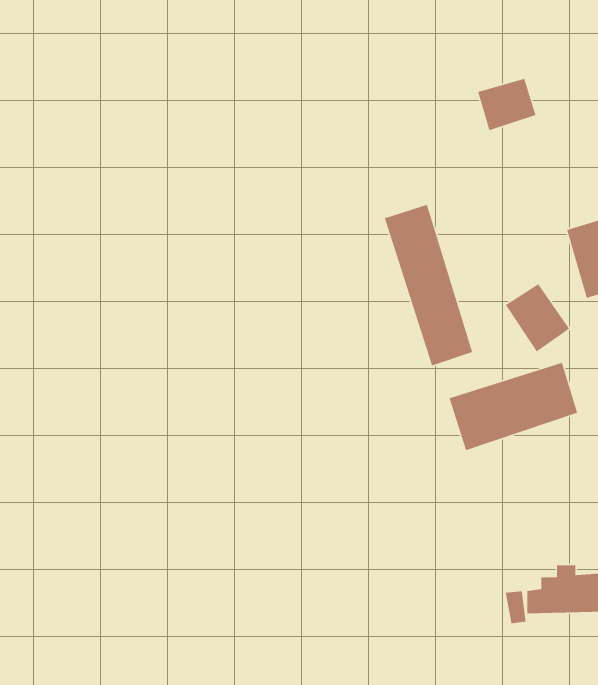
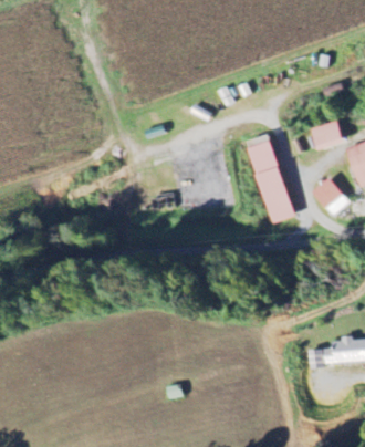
building: [477,78,537,131] -> [311,121,344,150]
building: [449,362,578,451] -> none

